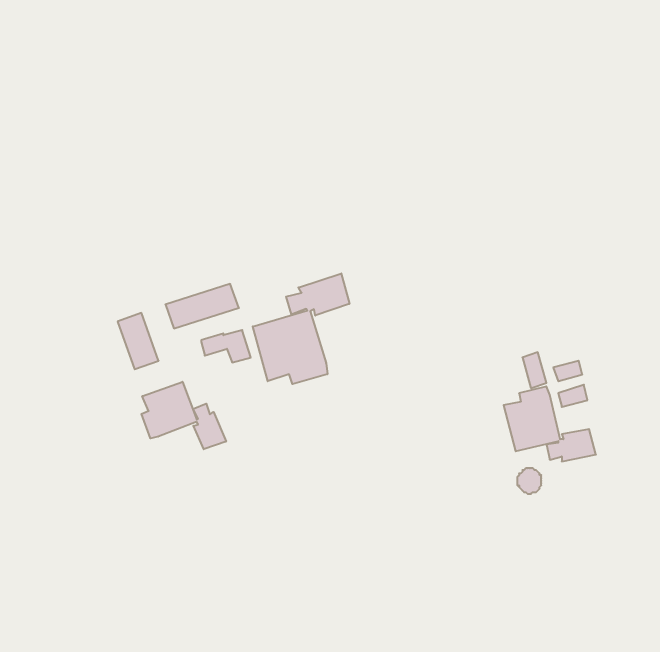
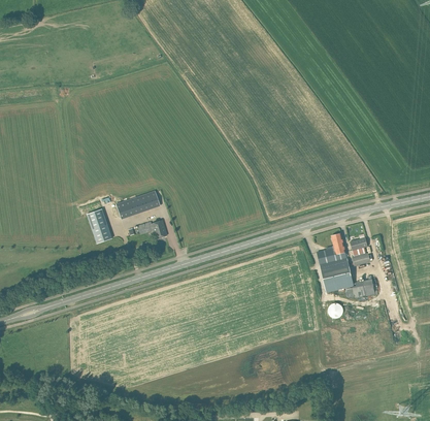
building: [253,273,349,384] -> none
building: [141,382,226,449] -> none

